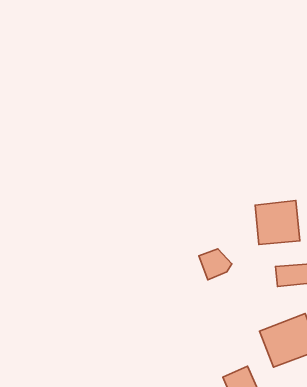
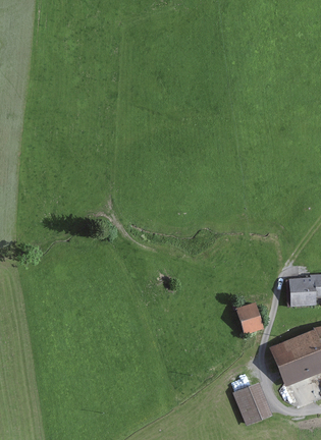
building: [255,201,300,245] -> none
building: [199,249,232,280] -> [235,301,269,333]

